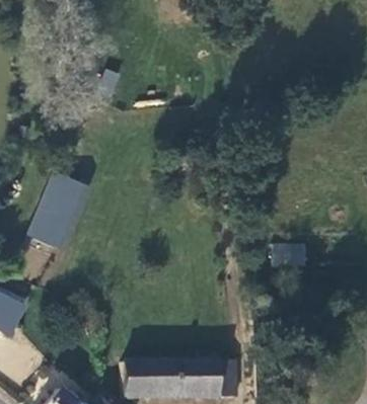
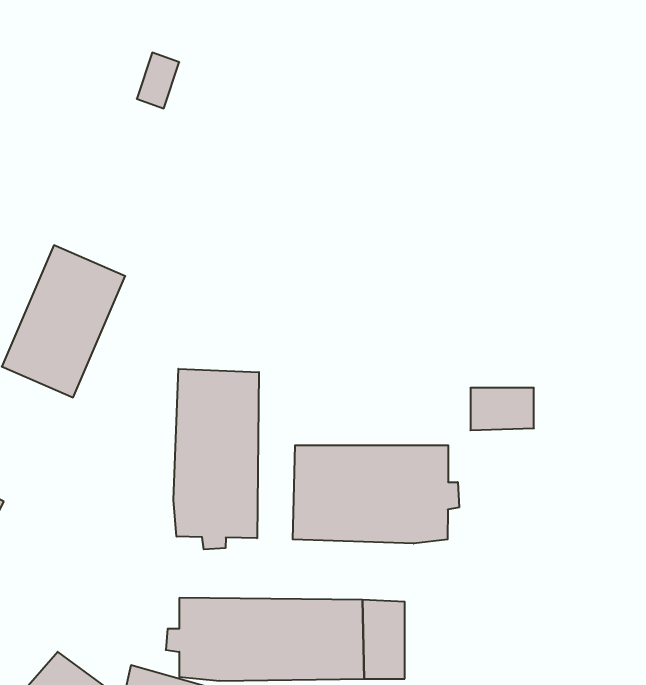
building: none -> [173,369,259,549]
building: none -> [293,445,459,544]

